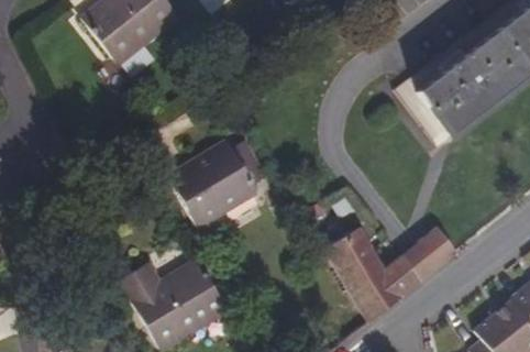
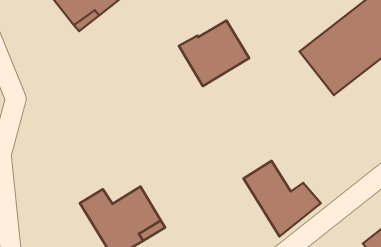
building: [169,144,257,227] -> [179,20,249,86]
building: [400,227,456,279] -> none

